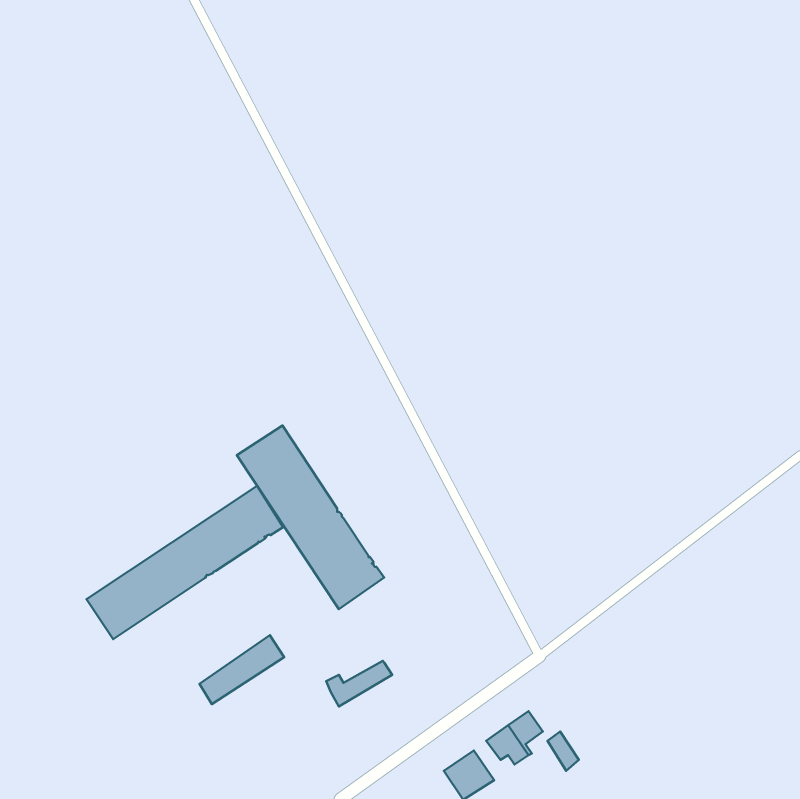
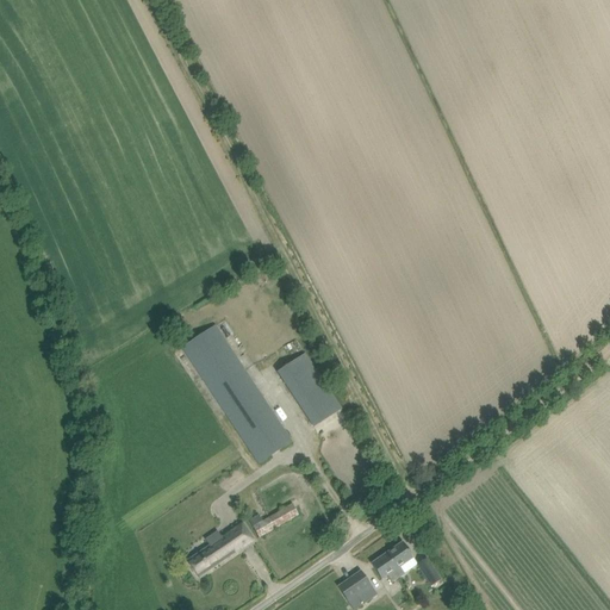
building: none -> [275,351,341,425]
building: [86,486,283,639] -> none
building: [199,635,284,704] -> [187,522,251,574]

